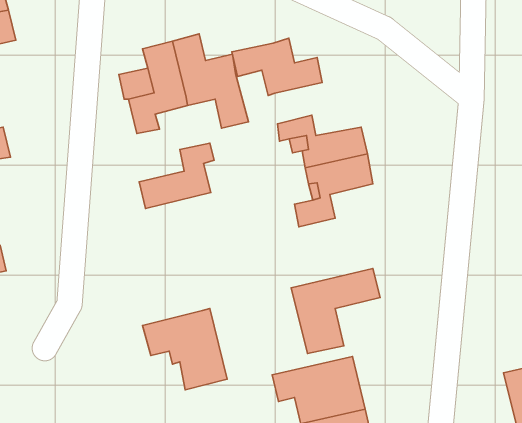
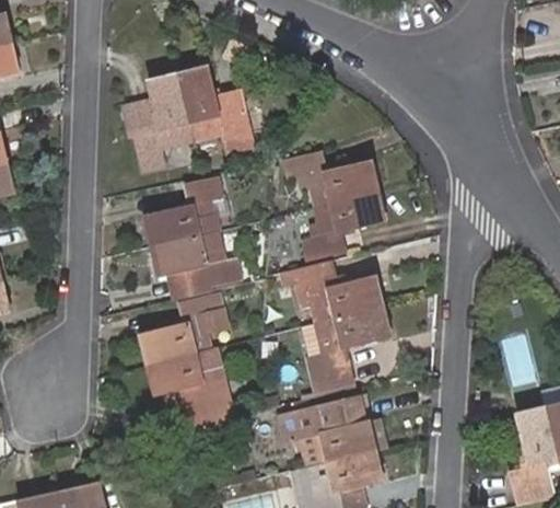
building: [232,38,322,96] -> none
building: none -> [151,229,238,298]
building: none -> [288,261,383,326]
building: none -> [141,293,226,365]

